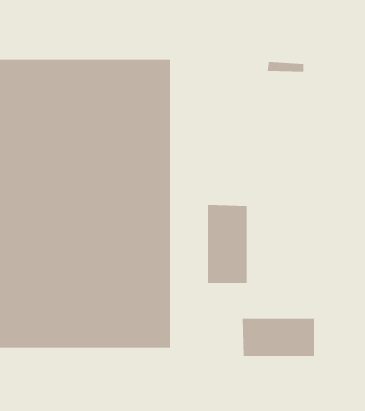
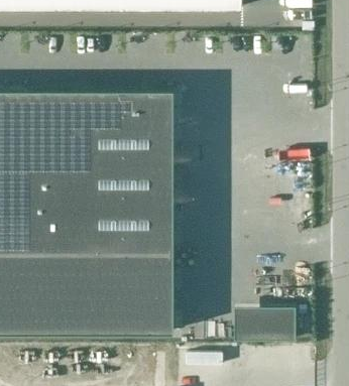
building: [208,204,247,284] -> none

